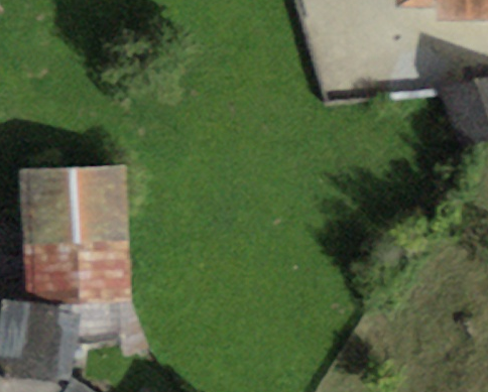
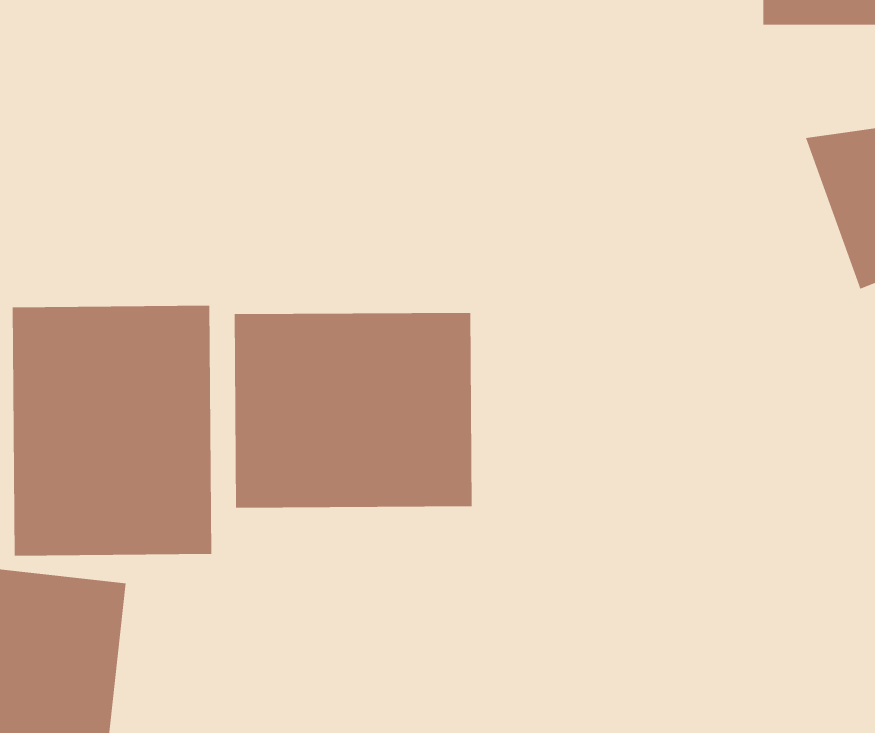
building: none -> [234,312,472,508]

